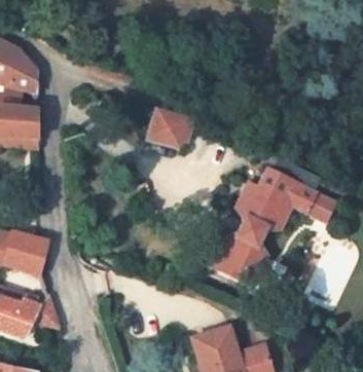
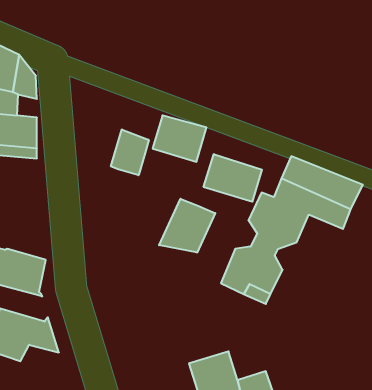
building: none -> [111,129,149,175]
building: none -> [204,154,262,202]
building: none -> [159,199,215,253]

